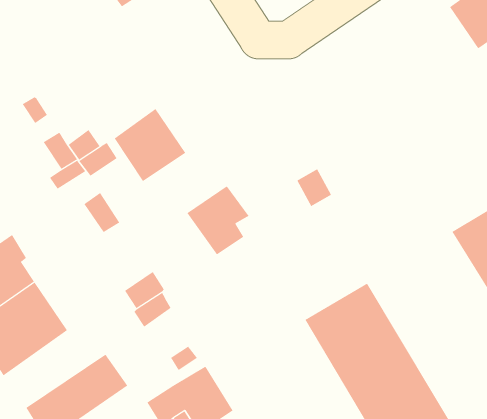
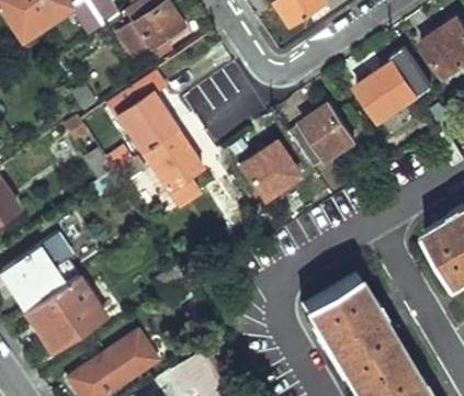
building: none -> [359,63,419,122]
building: none -> [109,71,179,154]
building: none -> [292,106,353,169]
building: [186,186,249,255] -> [240,144,293,202]

